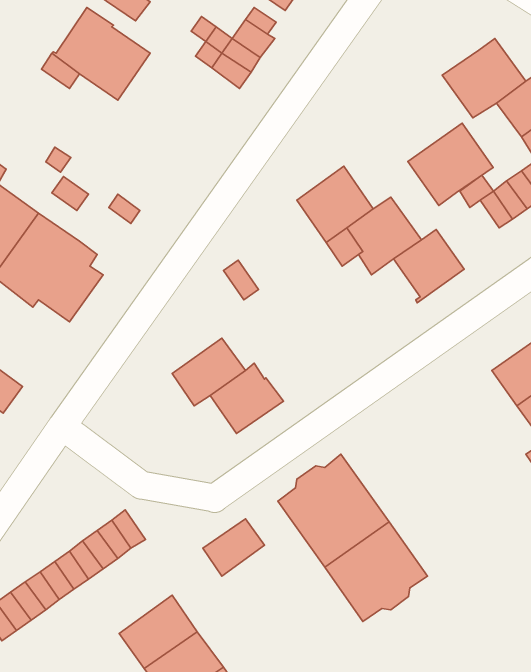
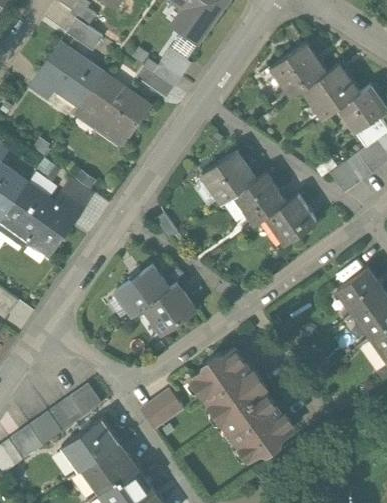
building: none -> [80,73,147,137]
building: [408,123,493,206] -> [269,41,327,97]
building: none -> [55,178,92,217]
building: none -> [61,418,118,470]

